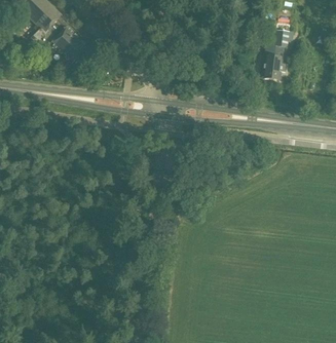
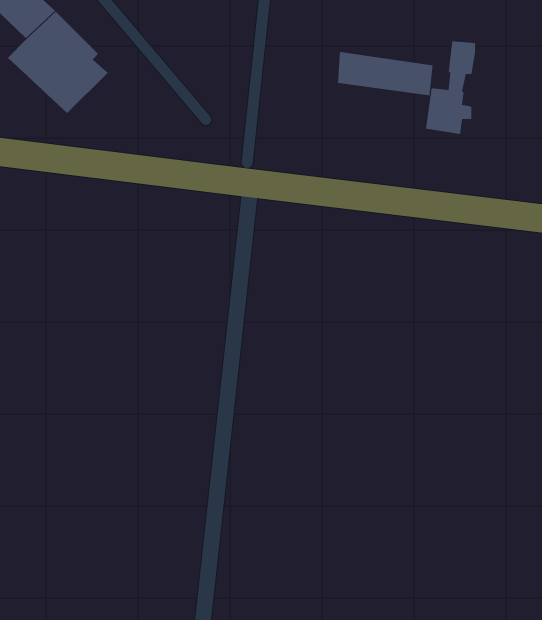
building: none -> [338,51,433,96]

